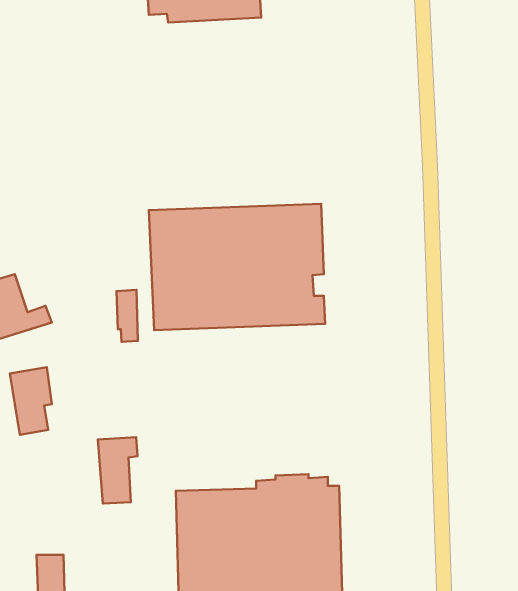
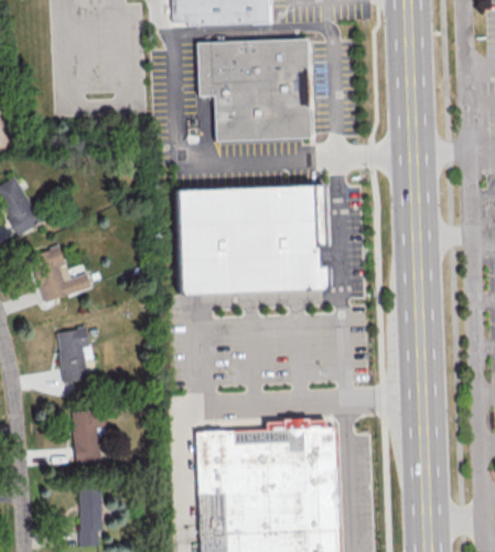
building: none -> [197,40,313,143]
building: [116,290,138,342] -> none
building: [98,437,137,503] -> [71,409,105,466]

